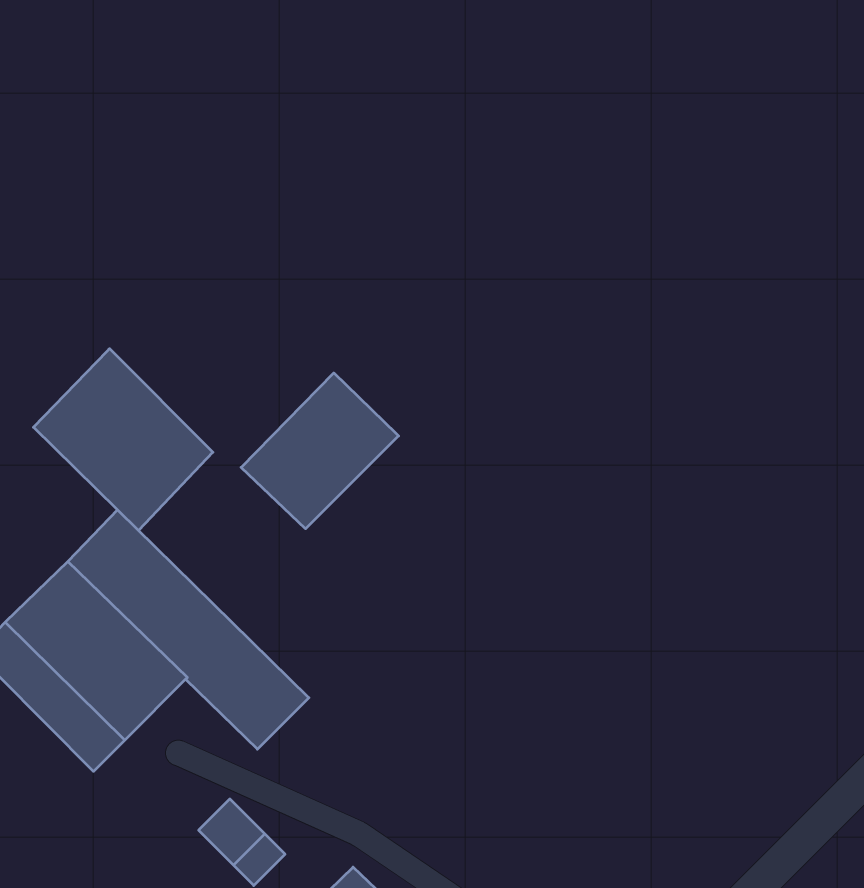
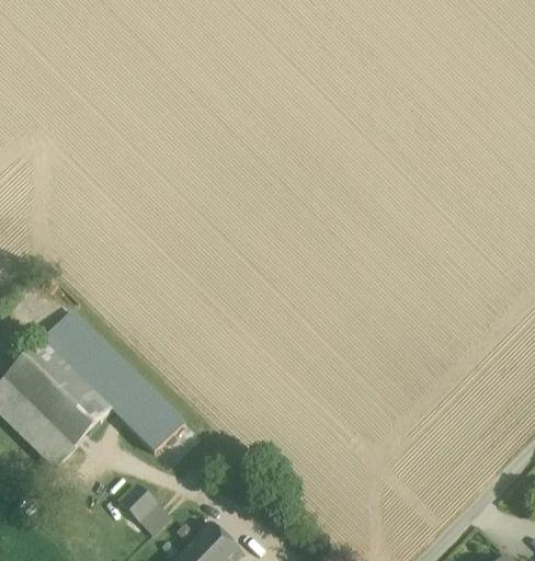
building: [33,349,213,531] -> none
building: [241,373,399,529] -> none

